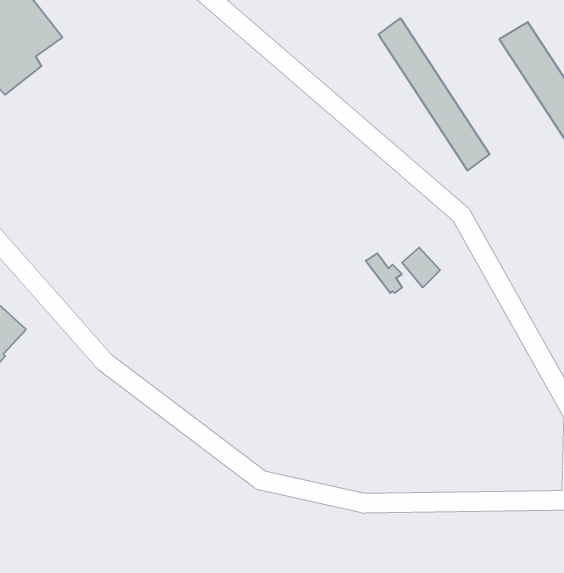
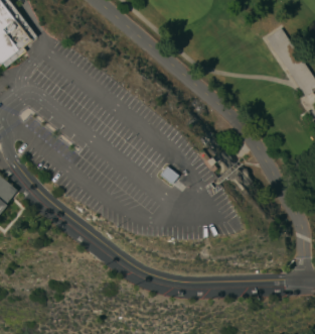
building: [379,18,490,171] -> none

